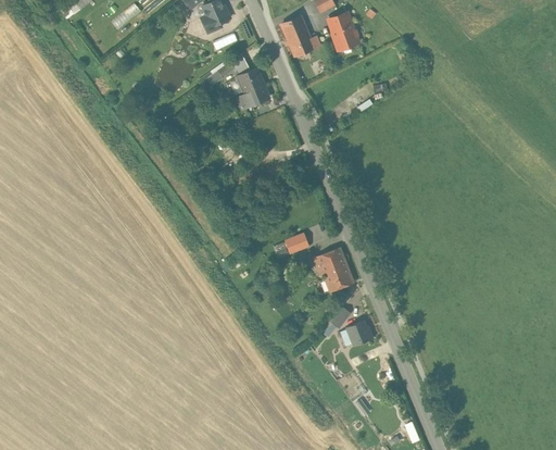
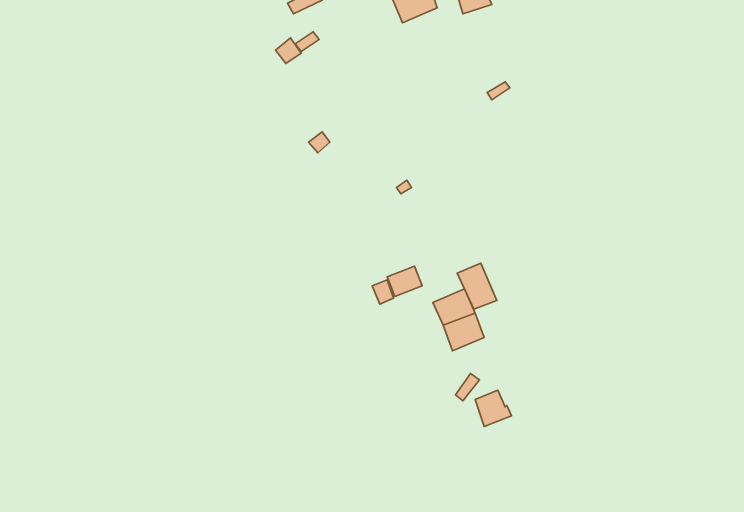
building: [237,68,268,109] -> none
building: none -> [457,263,497,309]

